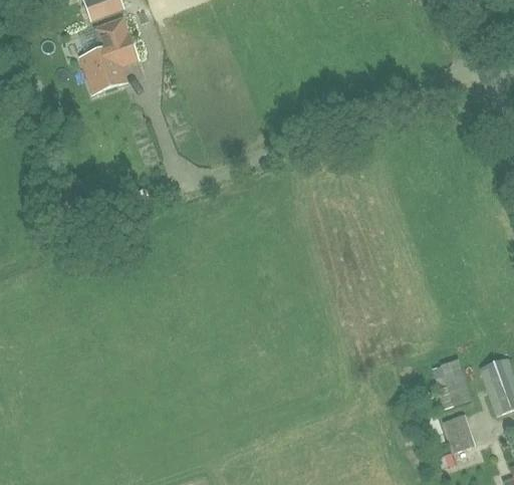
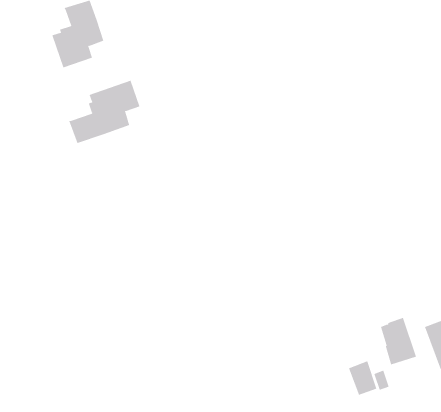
building: none -> [68,80,140,144]
building: [442,415,473,452] -> [348,361,377,395]

